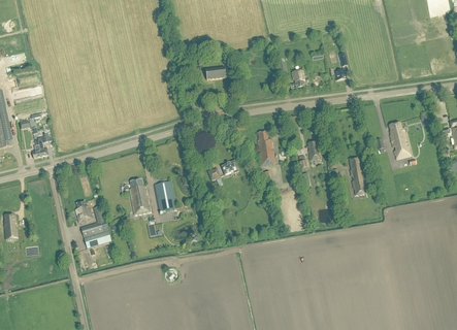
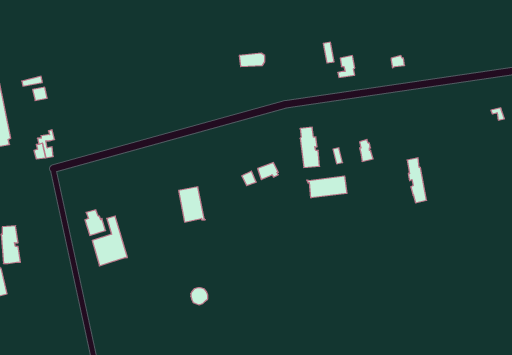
building: [389,121,410,158] -> none
building: none -> [307,176,347,198]
building: [129,178,150,213] -> none

